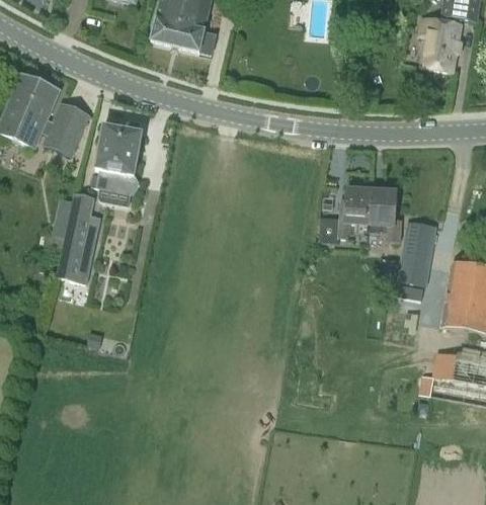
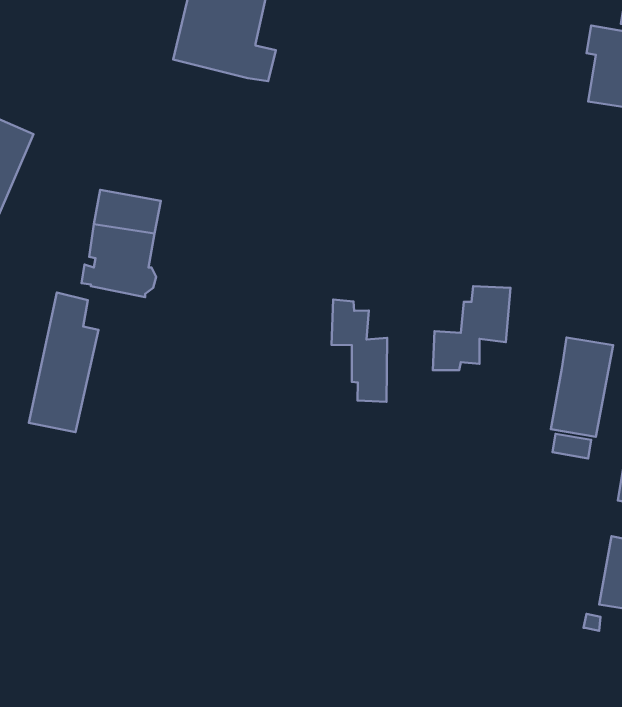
building: [42,100,90,156] -> none
building: [367,188,400,241] -> none
building: none -> [331,299,387,402]

